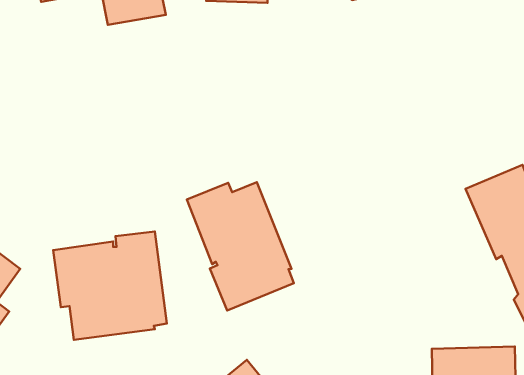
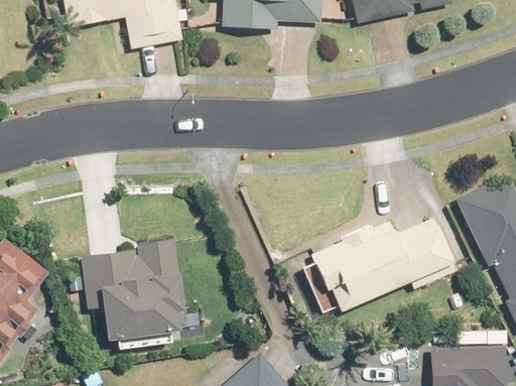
building: [187,182,294,310] -> none
building: none -> [308,214,459,306]

